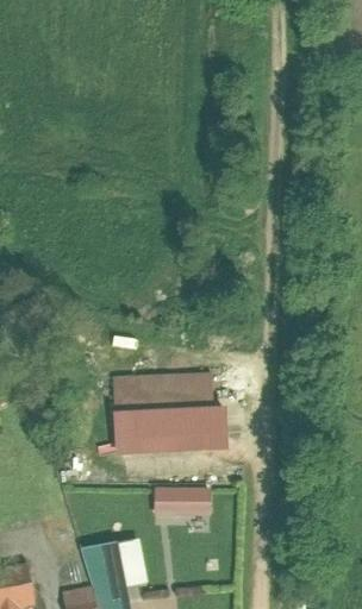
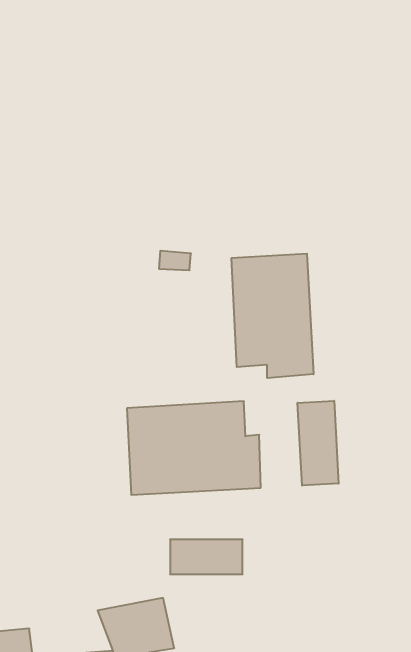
building: none -> [232,254,313,378]
building: none -> [298,401,339,486]

